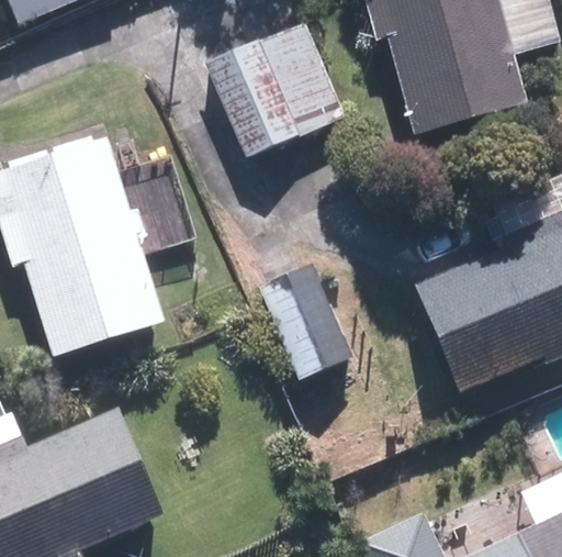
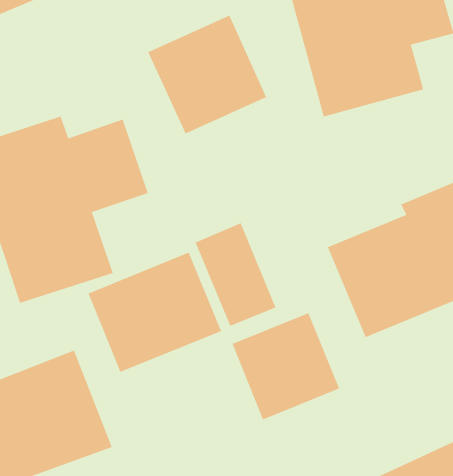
building: none -> [88,252,222,373]
building: none -> [232,312,340,421]

